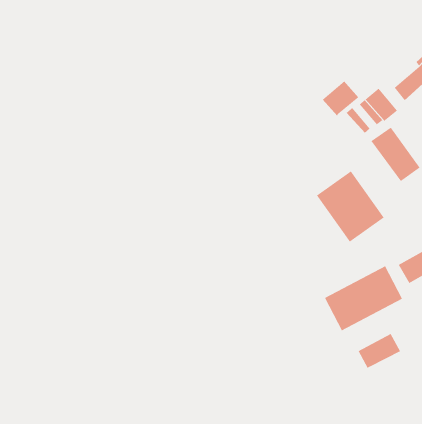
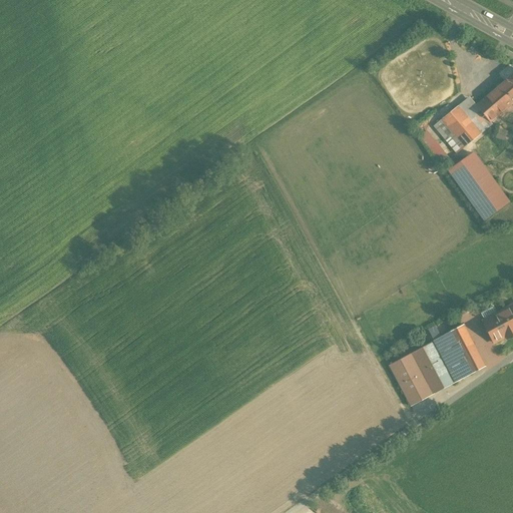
building: [322,80,359,116] -> none
building: [316,170,385,243] -> none
building: [358,333,401,369] -> none

